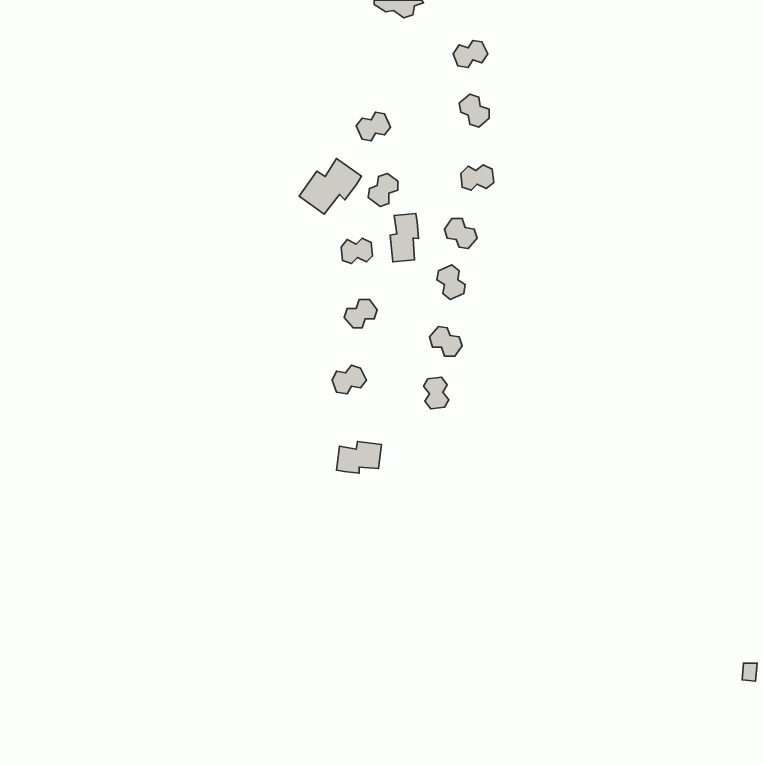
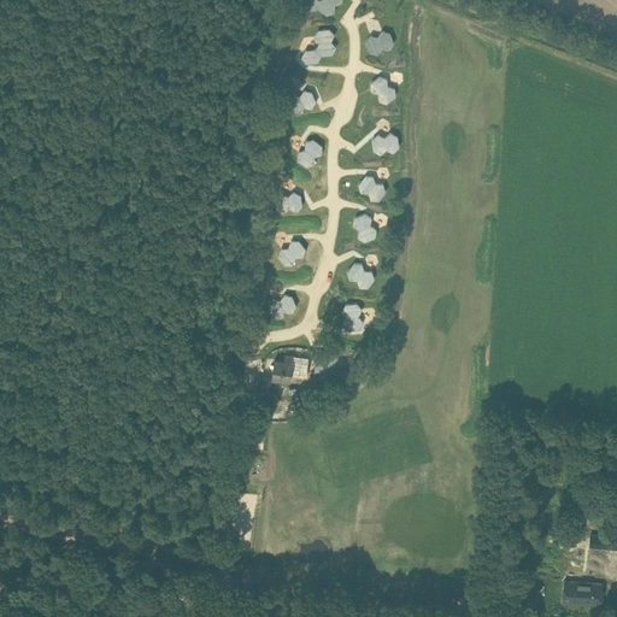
building: none -> [301,29,334,63]
building: [299,158,361,214] -> none
building: [390,213,419,262] -> none
building: none -> [560,581,601,605]

